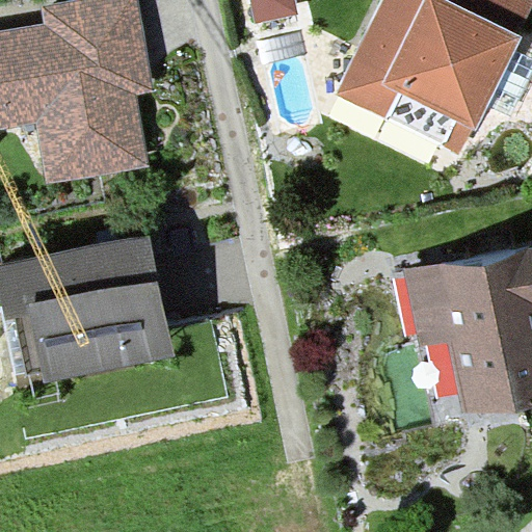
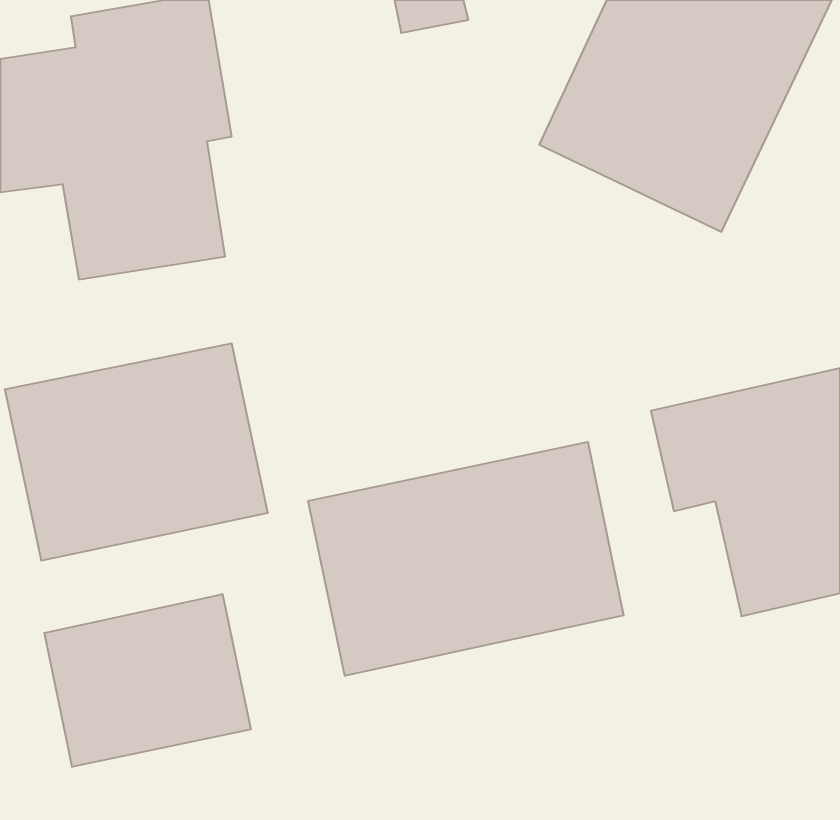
building: none -> [308,442,624,676]
building: none -> [44,594,251,767]

